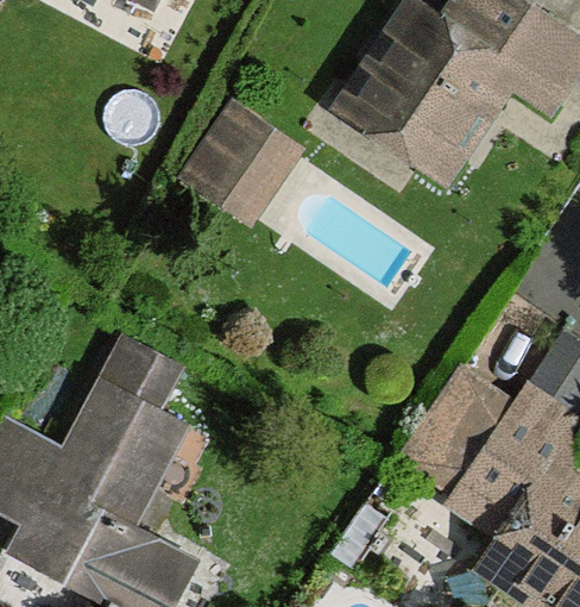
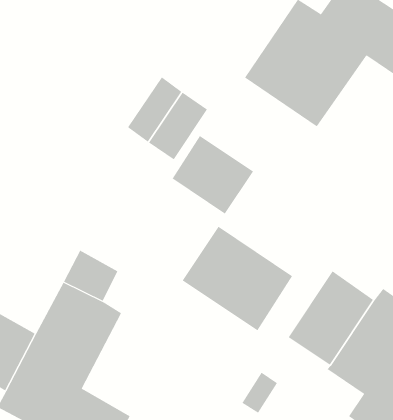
building: none -> [172,135,254,214]
building: none -> [182,226,293,331]

